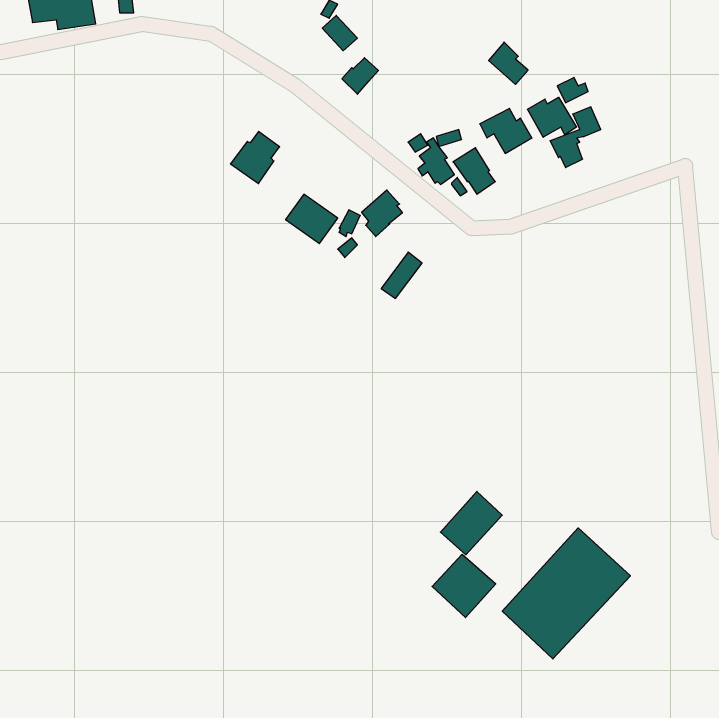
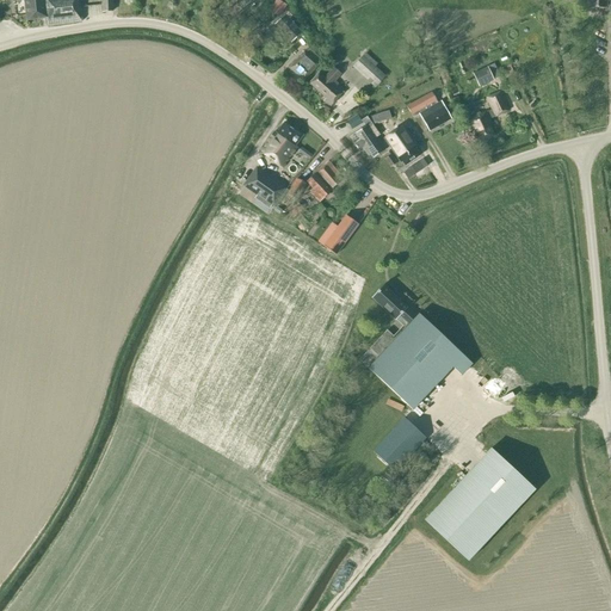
building: [489,42,528,84] -> [352,51,385,87]
building: none -> [309,67,344,105]
building: [527,97,577,137] -> none
building: [230,131,280,184] -> [260,122,302,166]
building: none -> [369,284,473,408]
building: [432,554,496,618] -> none

